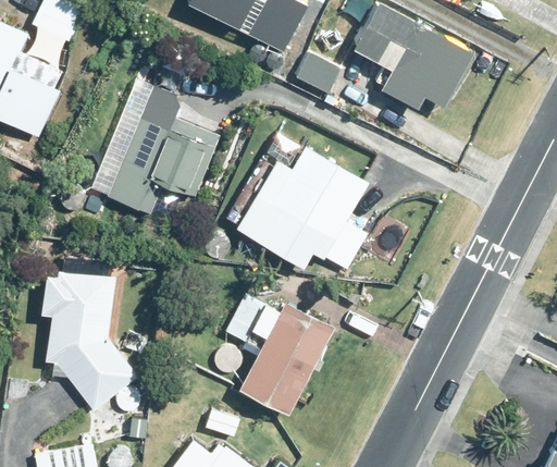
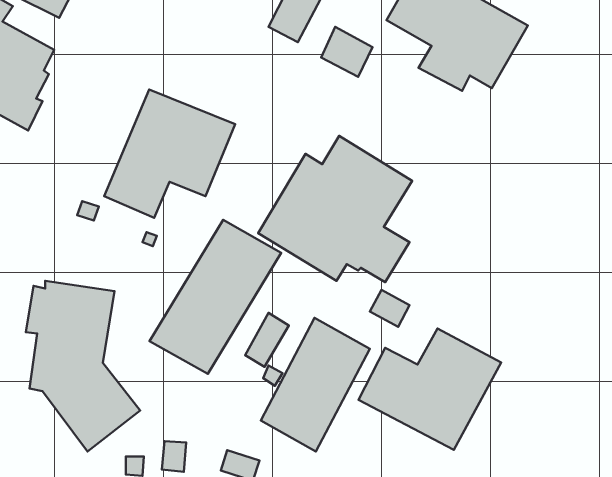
building: none -> [150,220,281,374]
building: none -> [359,328,501,450]

